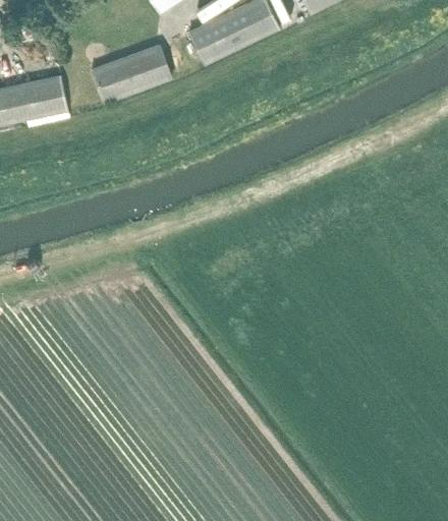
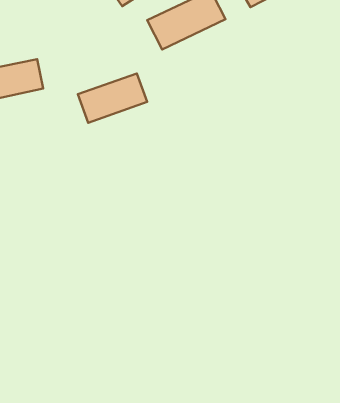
building: [90,44,171,102] -> [78,73,147,123]

